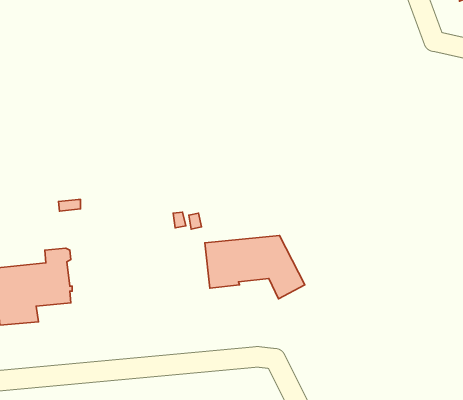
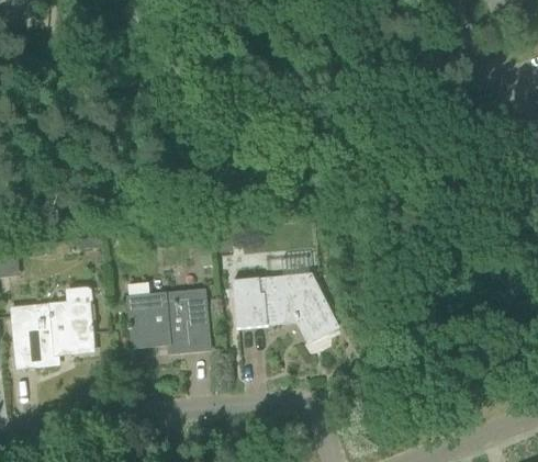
building: none -> [127,281,210,352]

